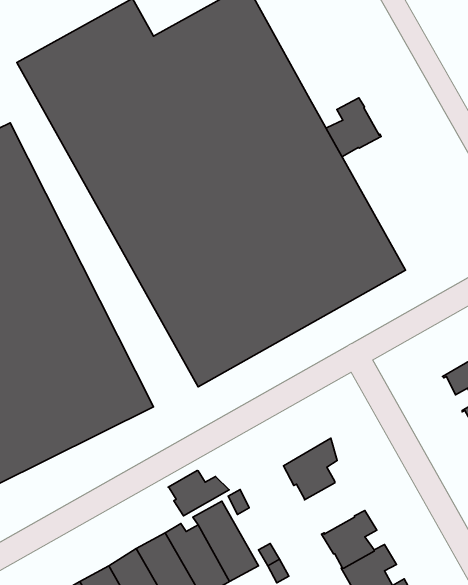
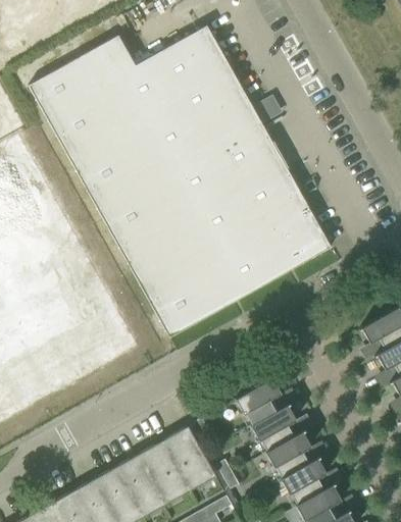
building: [326,98,381,156] -> none
building: [168,470,229,516] -> none
building: none -> [251,406,294,452]

